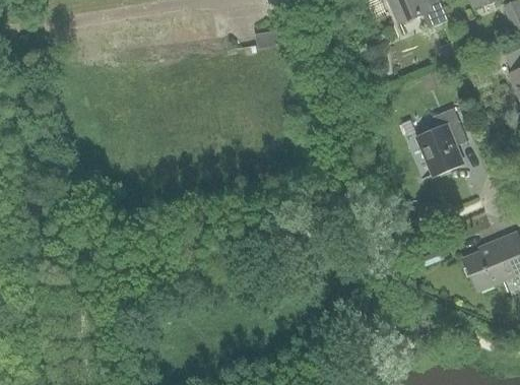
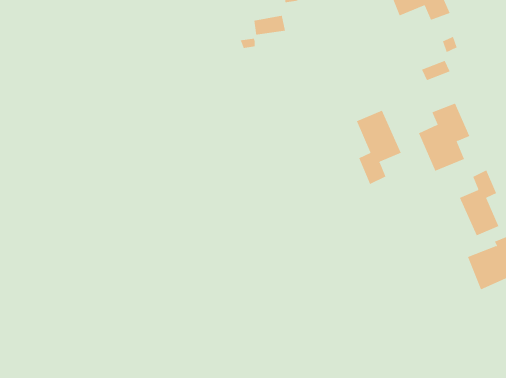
building: none -> [356,110,402,185]
building: none -> [459,170,499,236]

